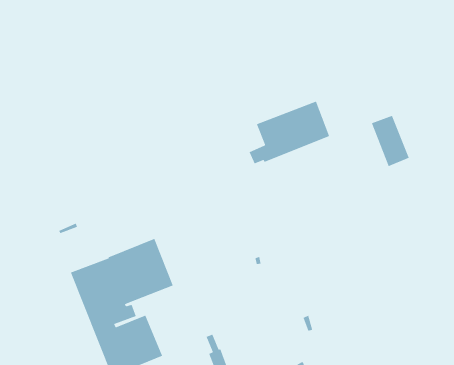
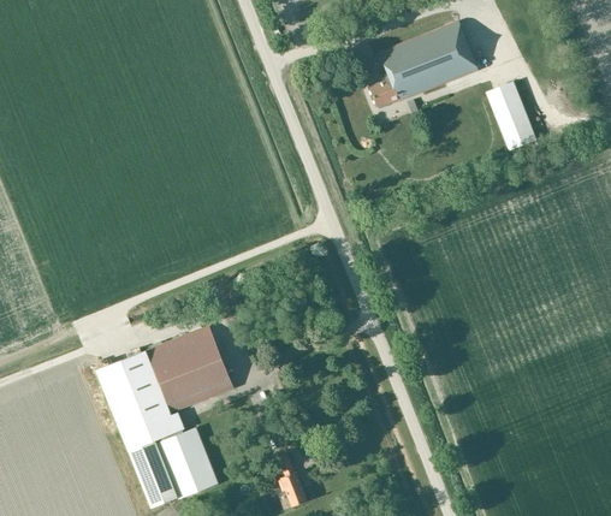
building: [249,100,330,165] -> [369,22,477,107]
building: [371,115,410,167] -> [485,82,536,152]

